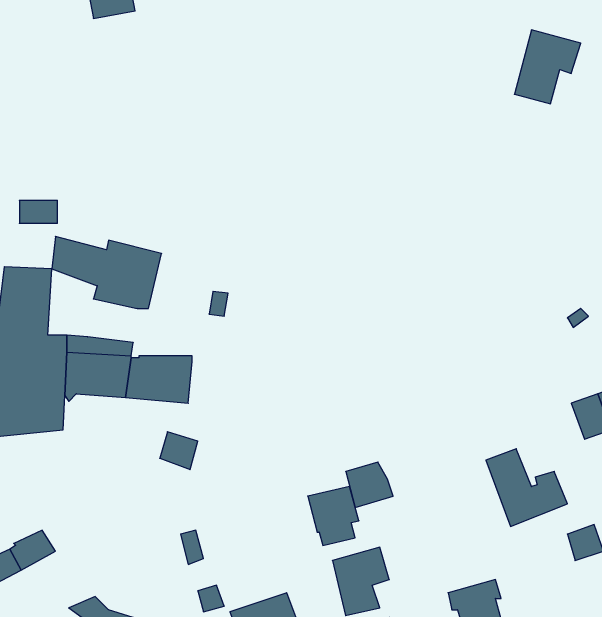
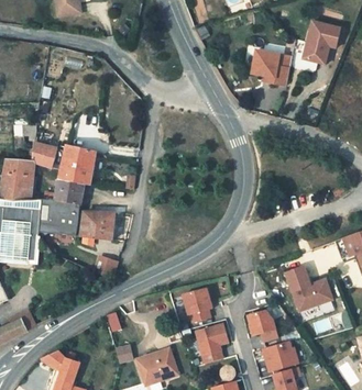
building: none -> [251,51,285,83]
building: none -> [53,179,81,204]
building: [346,462,393,508] -> [246,310,274,336]

